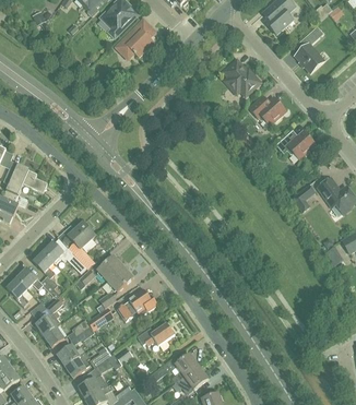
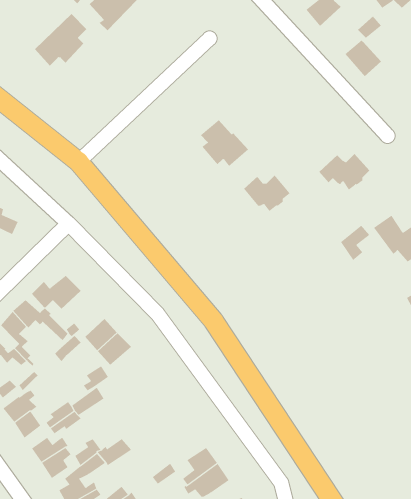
building: [115,17,155,58] -> [34,13,87,66]
building: [223,58,260,94] -> [200,119,249,167]
building: [249,95,285,123] -> [243,175,291,212]
building: [117,287,157,320] -> none
building: [137,321,174,344] -> none

